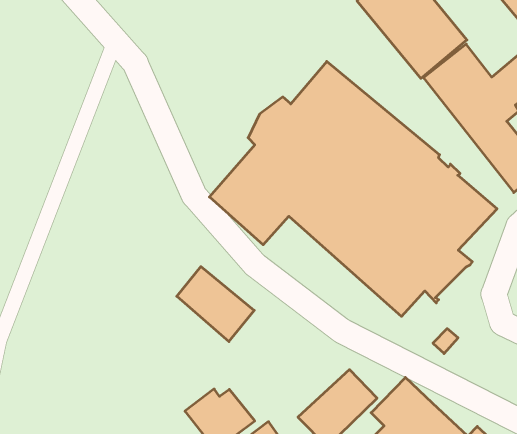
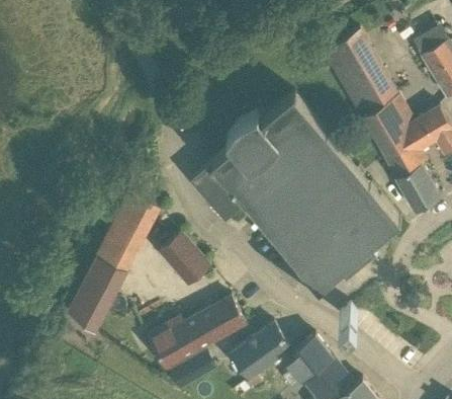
building: none -> [68,185,161,333]
building: none -> [183,298,246,351]

